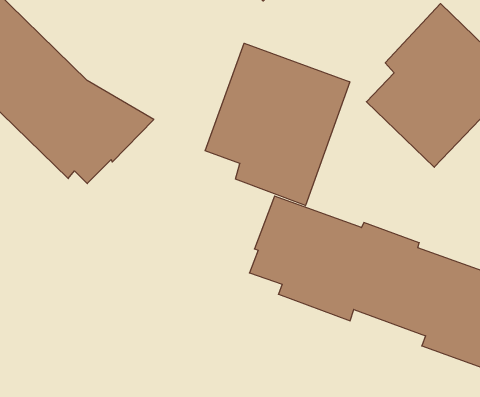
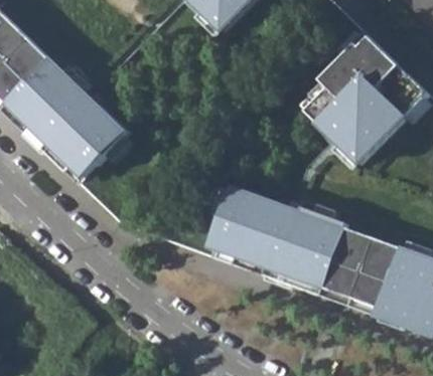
building: [205,43,350,206] -> none

